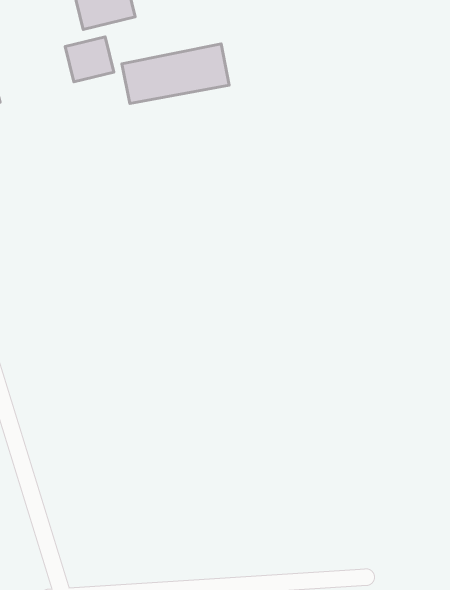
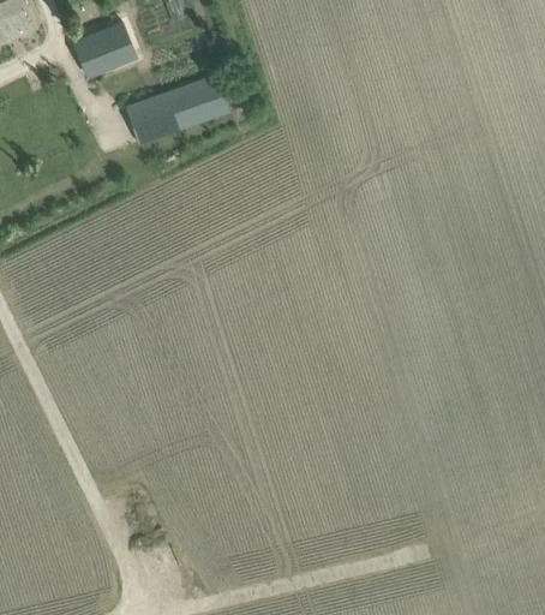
building: [65,37,114,82] -> none

